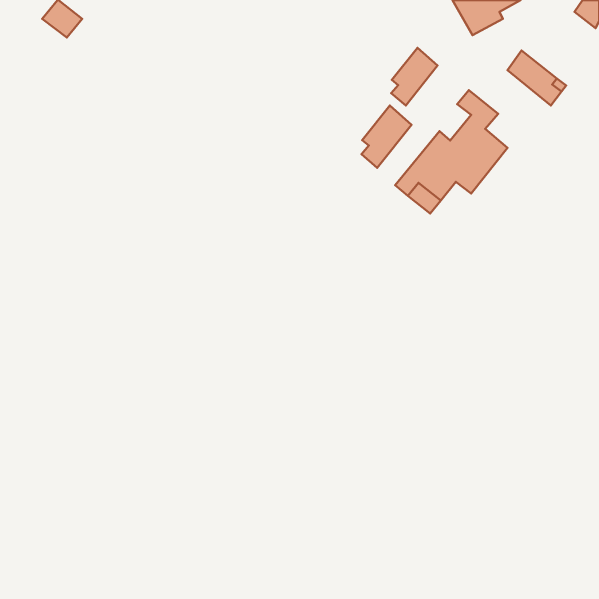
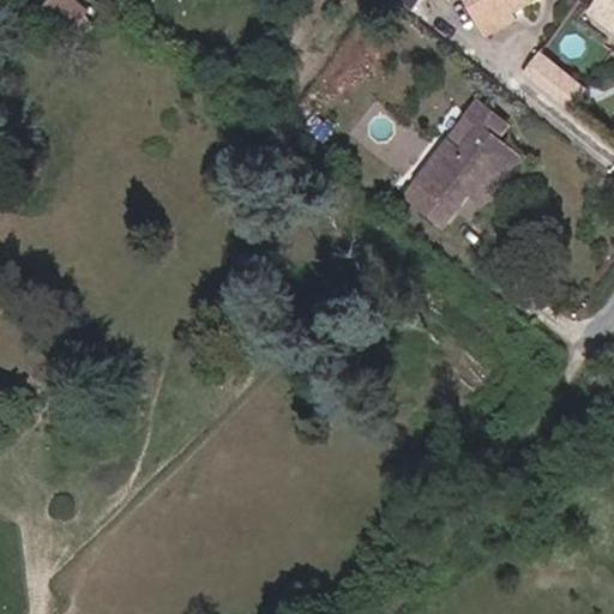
building: [391,48,437,105] -> none
building: [361,106,411,168] -> none

